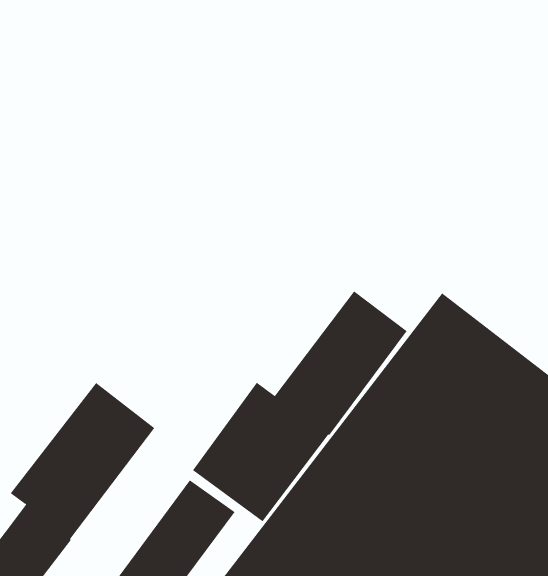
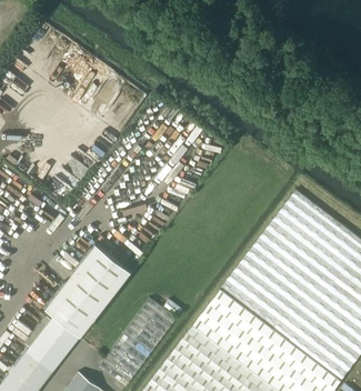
building: [192,291,407,522] -> none

